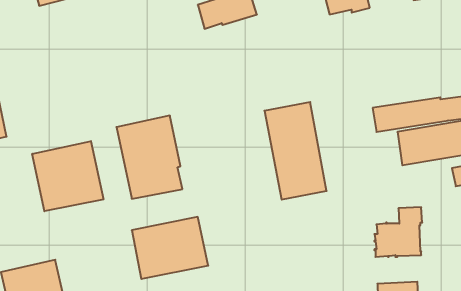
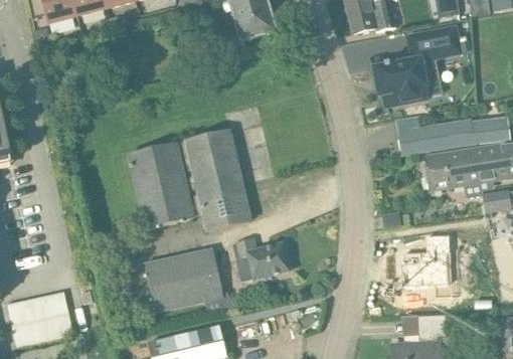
building: none -> [373,27,460,107]
building: [264,102,327,200] -> [186,127,251,229]
building: [32,141,103,211] -> none
building: none -> [235,236,288,282]

